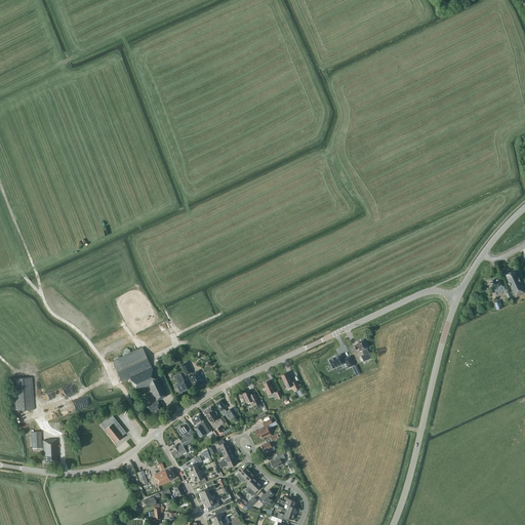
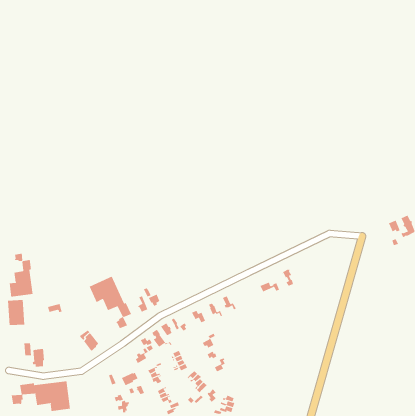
building: none -> [9,253,33,297]
building: none -> [11,380,71,412]

